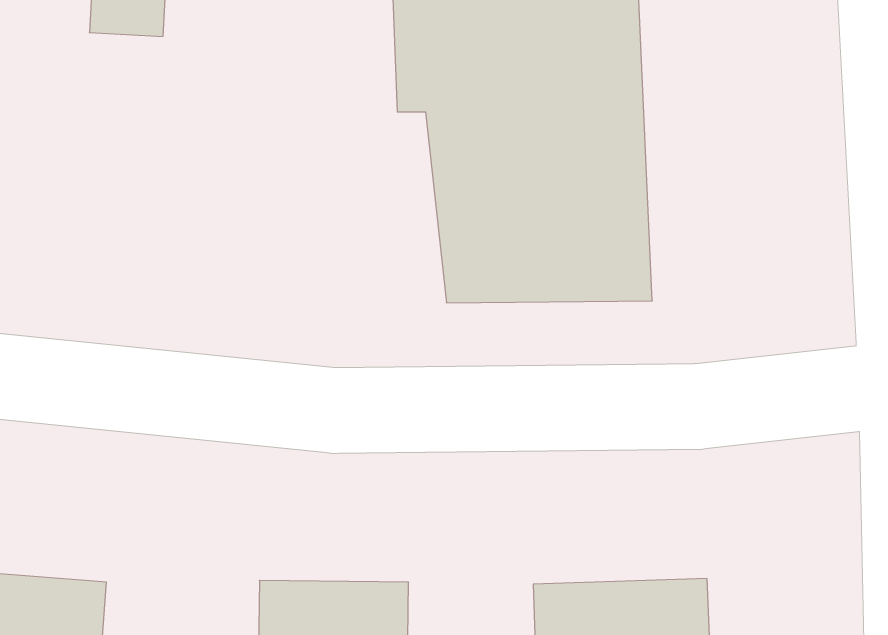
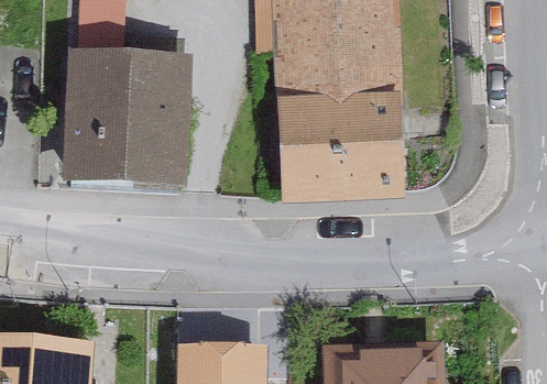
building: none -> [63,28,187,178]

